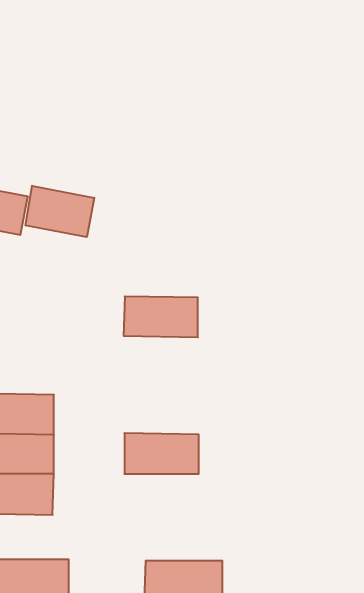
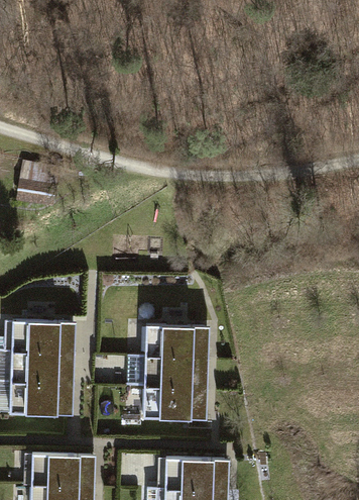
building: [25,186,94,237] -> none
building: [124,296,198,337] -> [136,321,197,355]
building: none -> [136,387,197,420]

